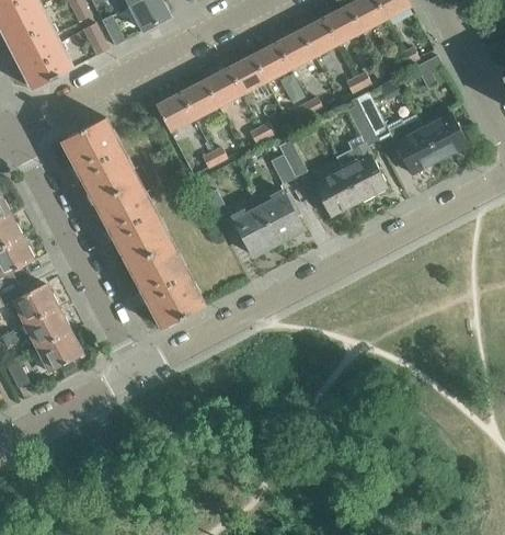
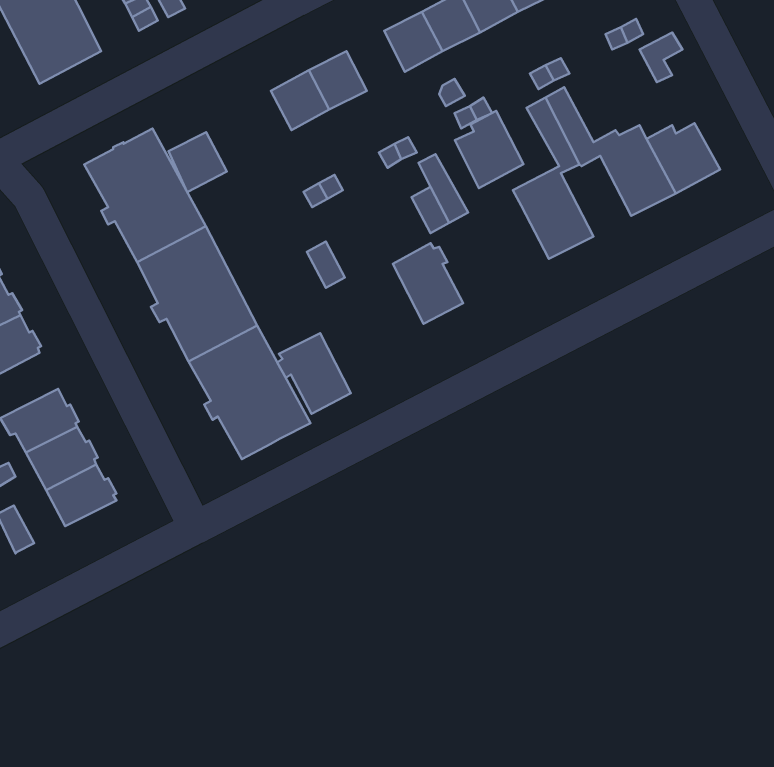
building: [228,55,265,93] -> none
building: [156,93,193,132] -> [168,132,227,192]
building: [313,167,357,216] -> [455,111,524,188]
building: [230,204,277,255] -> [277,333,351,414]

